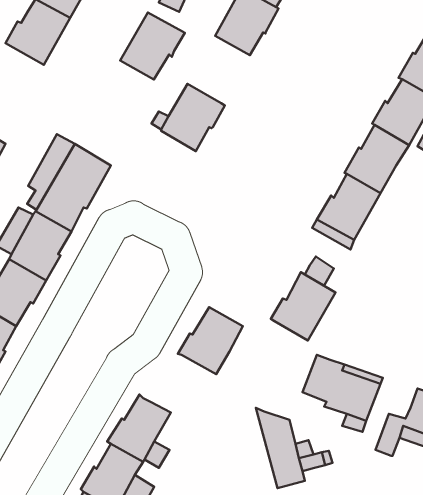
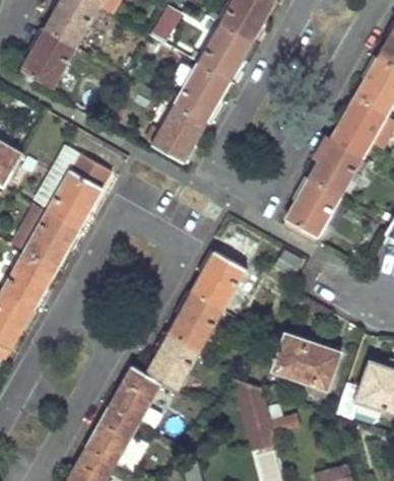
building: [120,12,185,80] -> [175,64,229,121]
building: [271,272,335,341] -> [190,252,245,310]
building: none -> [143,334,199,392]

